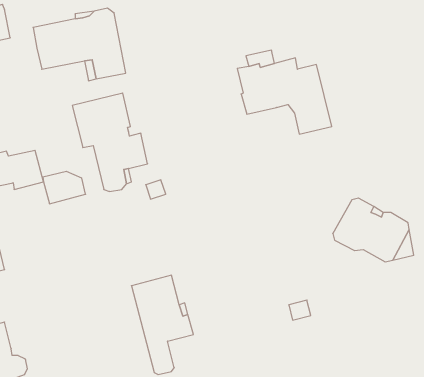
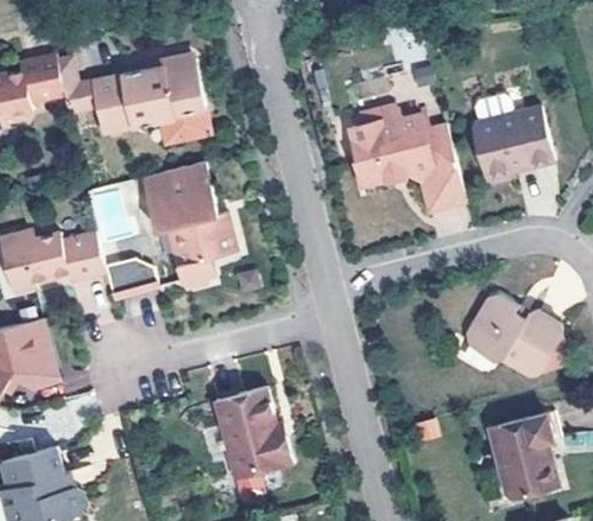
building: none -> [56,55,96,112]
building: none -> [473,104,553,180]
building: none -> [488,411,560,496]

